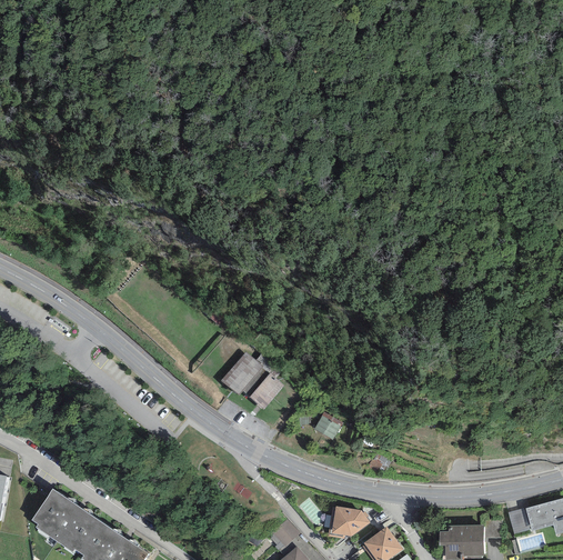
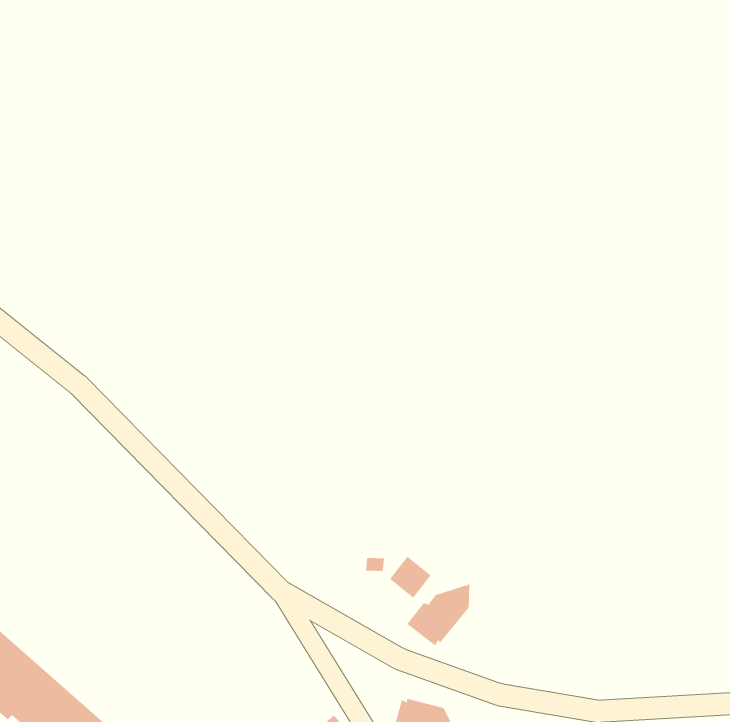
building: [221,351,283,409] -> none
building: none -> [406,584,470,646]

